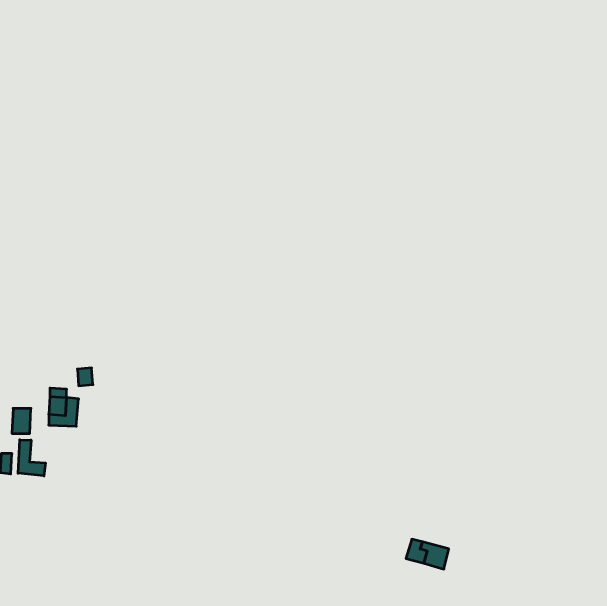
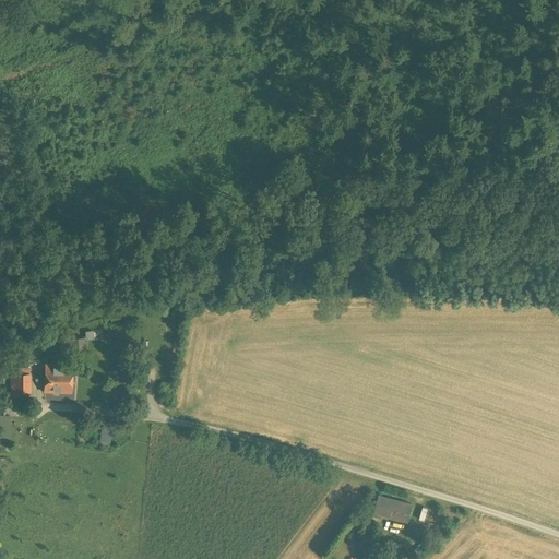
building: [18,440,45,476] -> none

